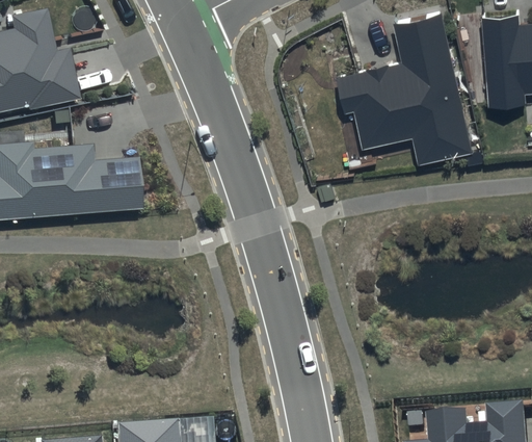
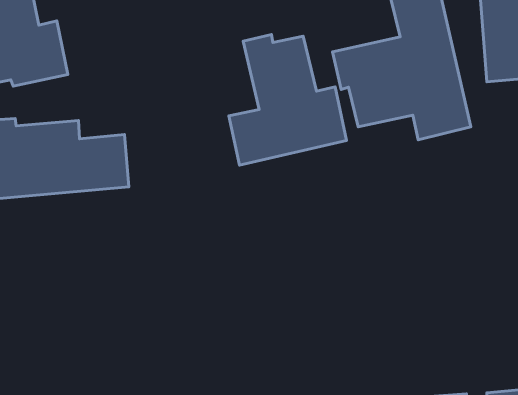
building: none -> [229,35,347,165]

